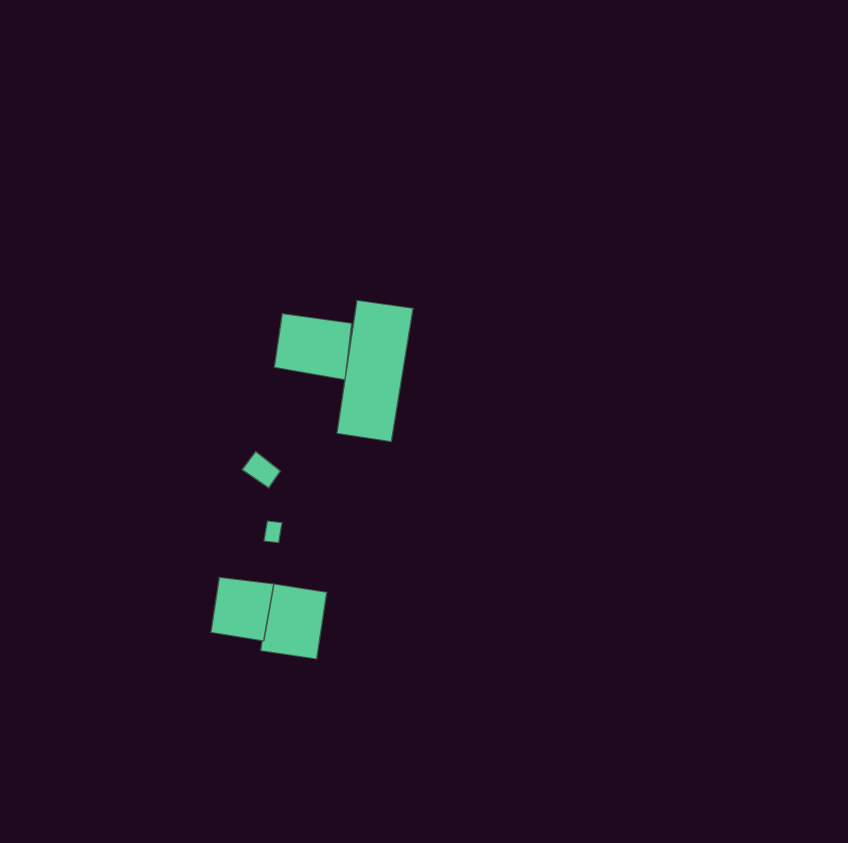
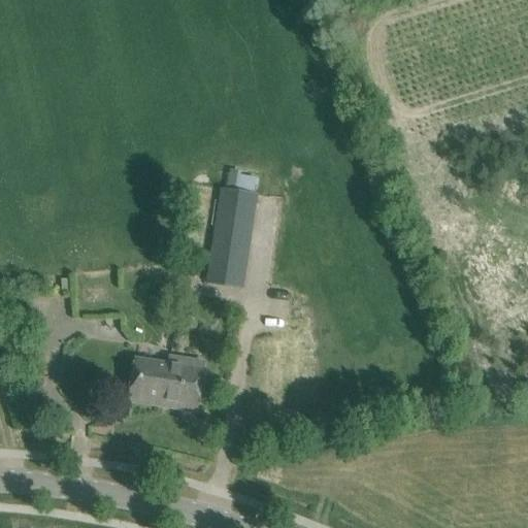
building: [274,313,351,380] -> none

